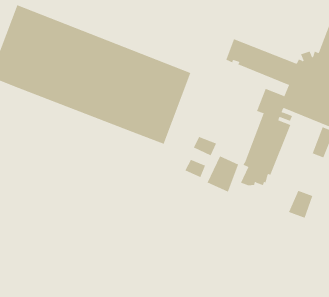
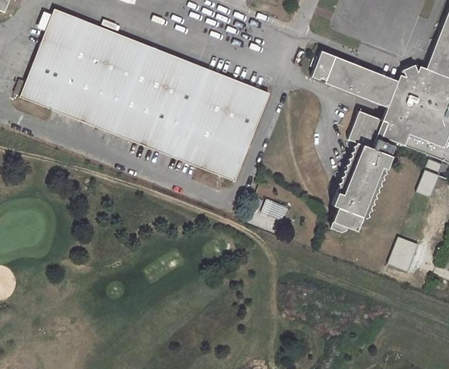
building: [193,136,217,156] -> none
building: [207,156,239,192] -> none

